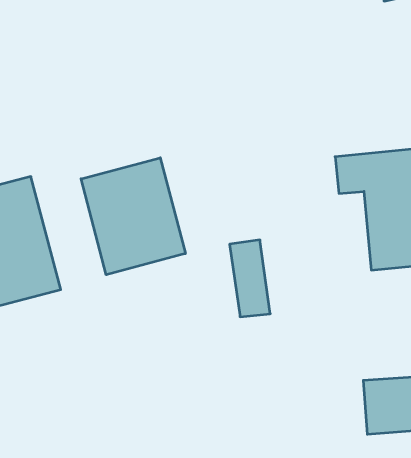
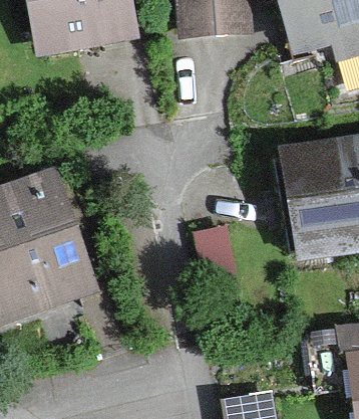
building: [81,158,185,275] -> none

